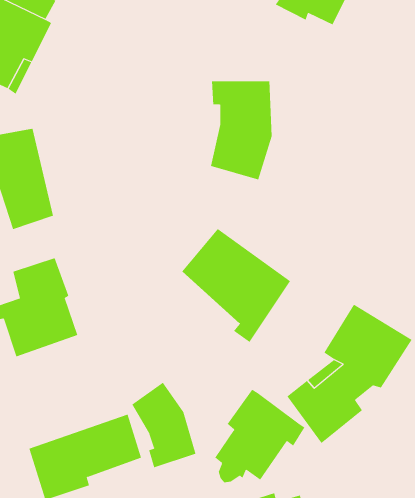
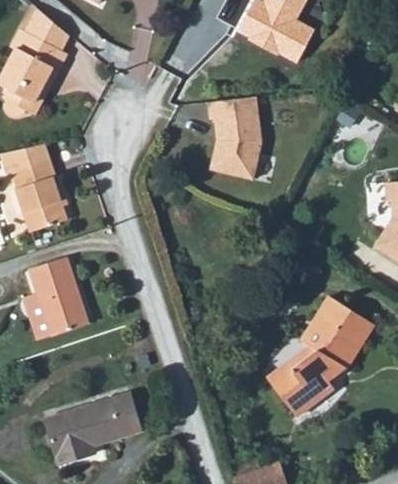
building: [181,228,291,343] -> none
building: [131,382,196,468] -> none
building: [215,389,305,483] -> none

